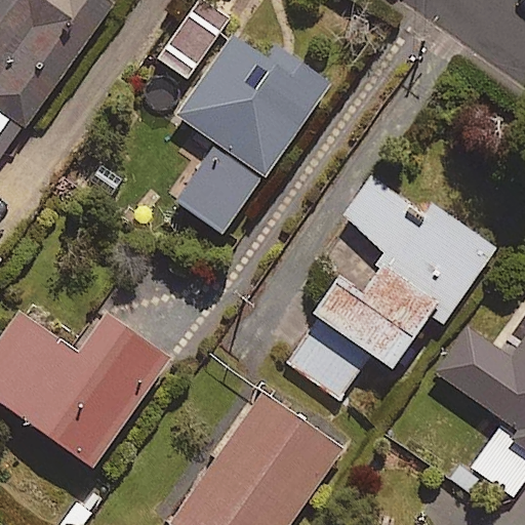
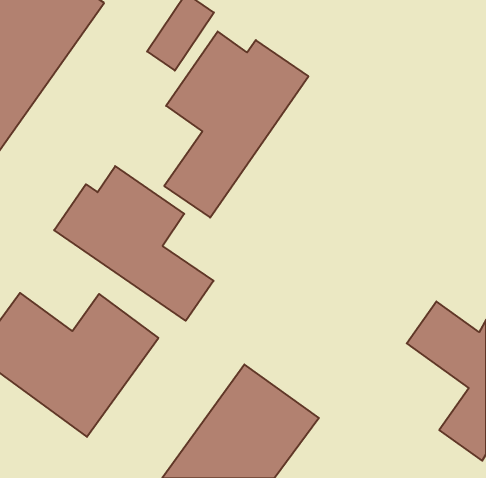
building: [288,174,495,394] -> none
building: none -> [54,166,214,321]

